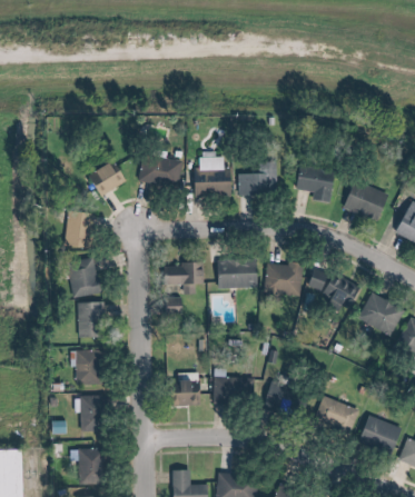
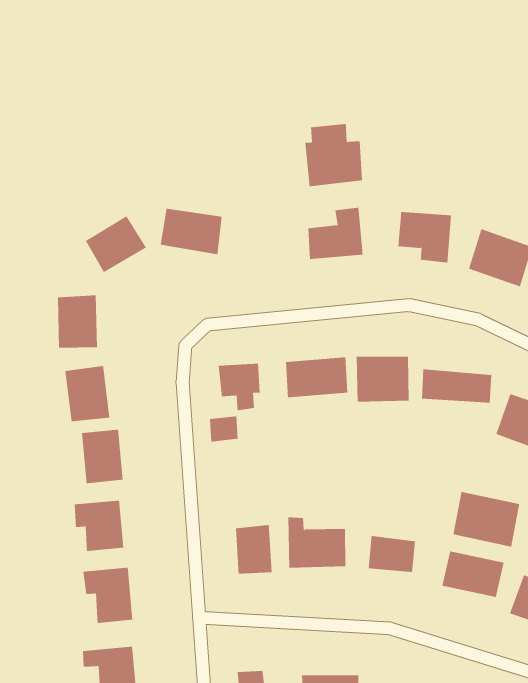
building: [195,157,233,198] -> [305,123,363,187]
building: none -> [453,491,520,547]

